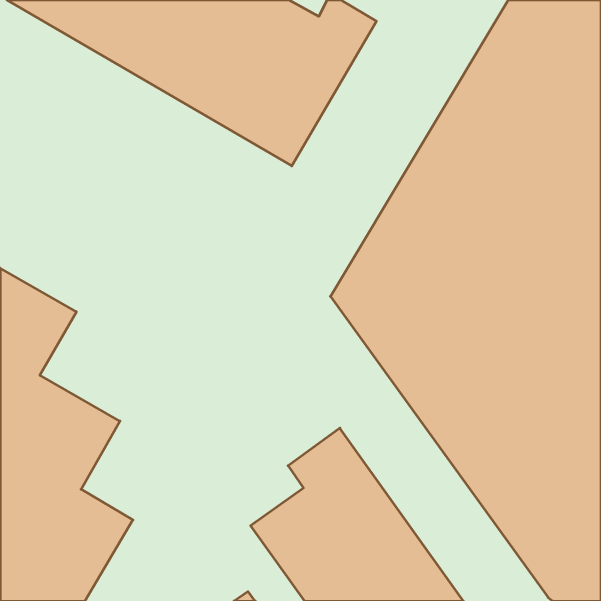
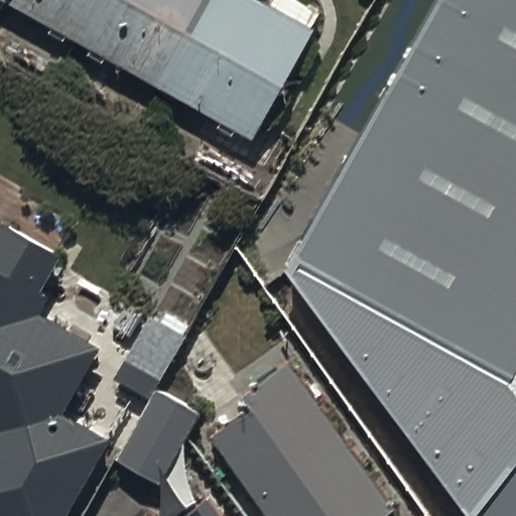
building: none -> [117,322,201,490]

